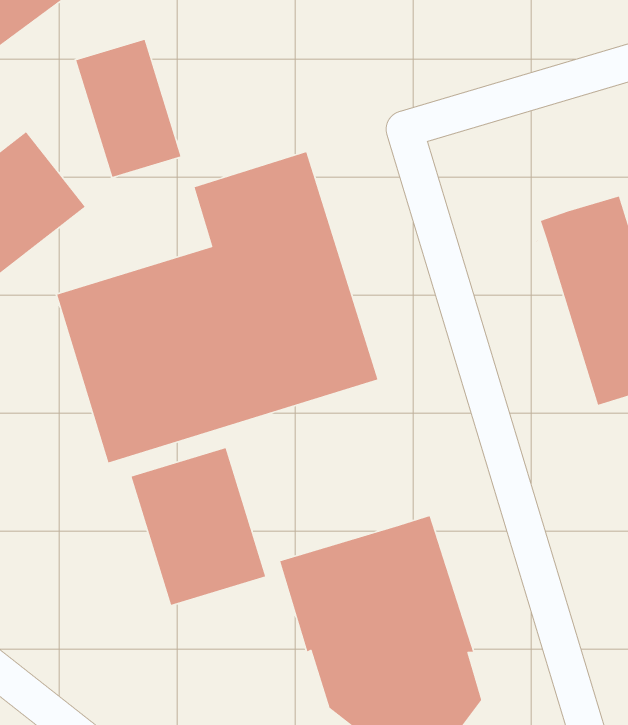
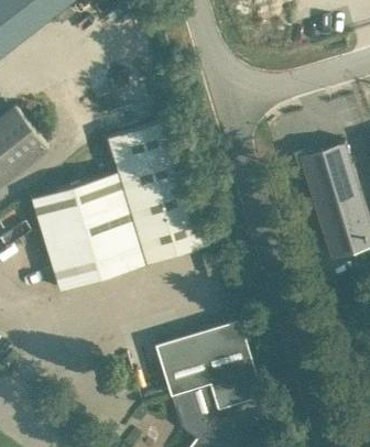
building: [75,39,182,178] -> none
building: [130,447,266,606] -> none

